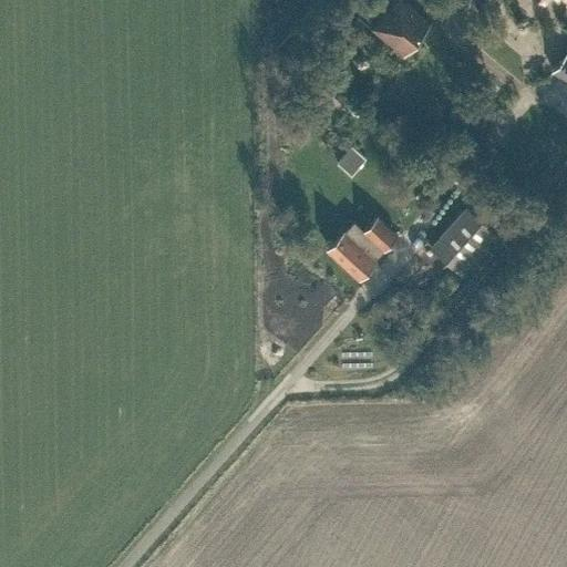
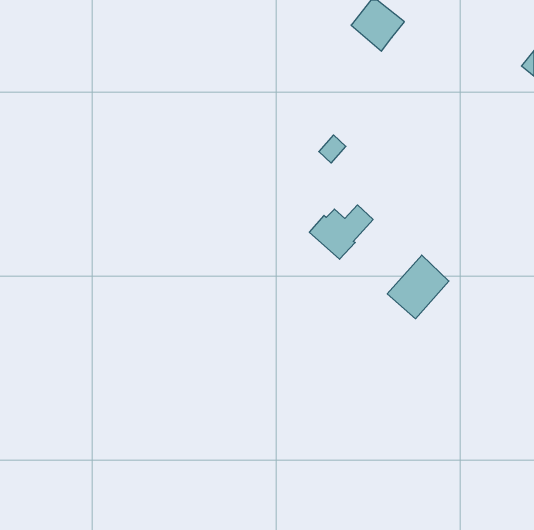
building: [431,208,496,276] -> [387,255,449,319]

